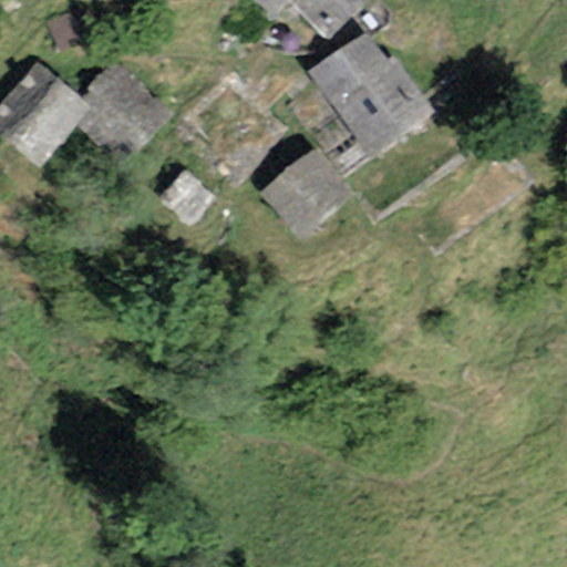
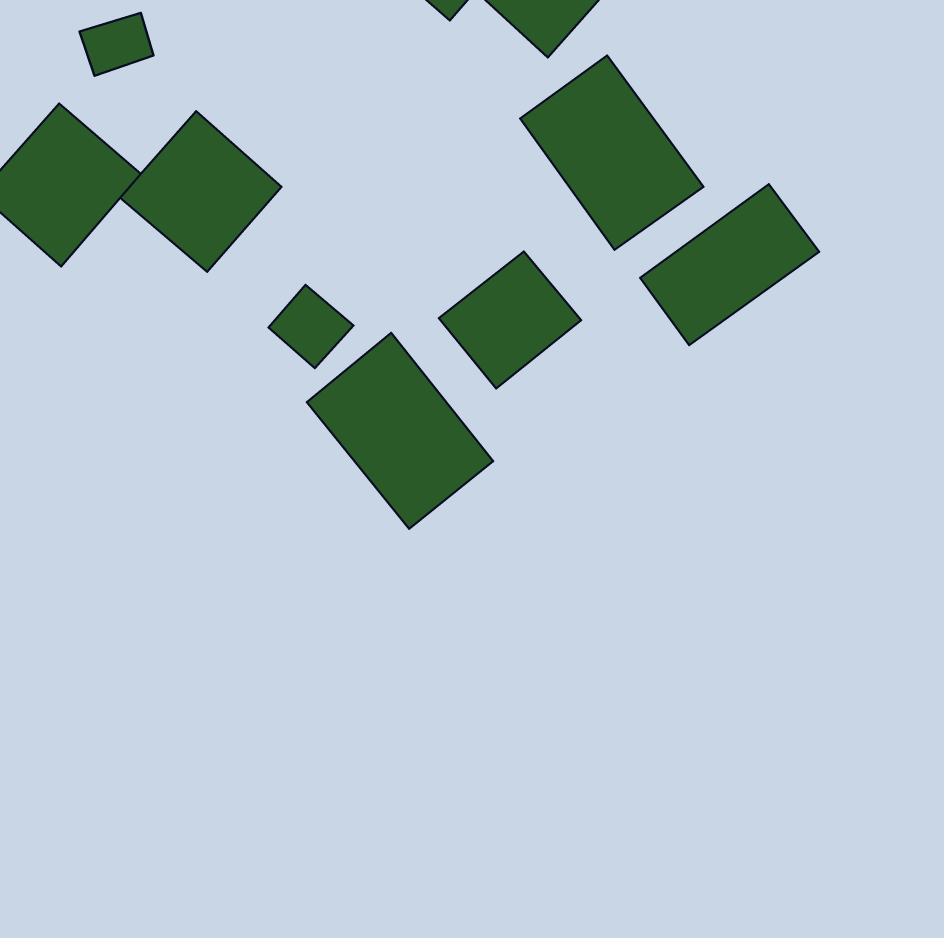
building: none -> [640,184,819,345]
building: none -> [307,333,493,529]

